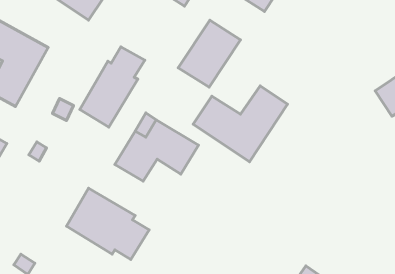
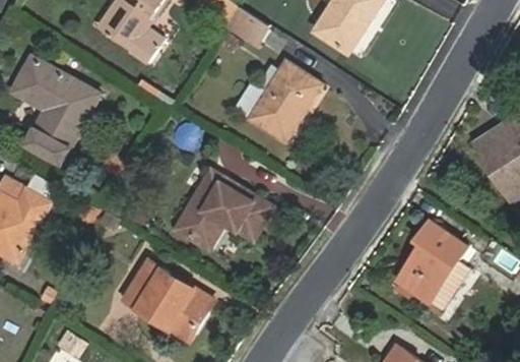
building: [80,47,145,127] -> none
building: [193,86,288,162] -> none
building: none -> [398,222,468,310]

